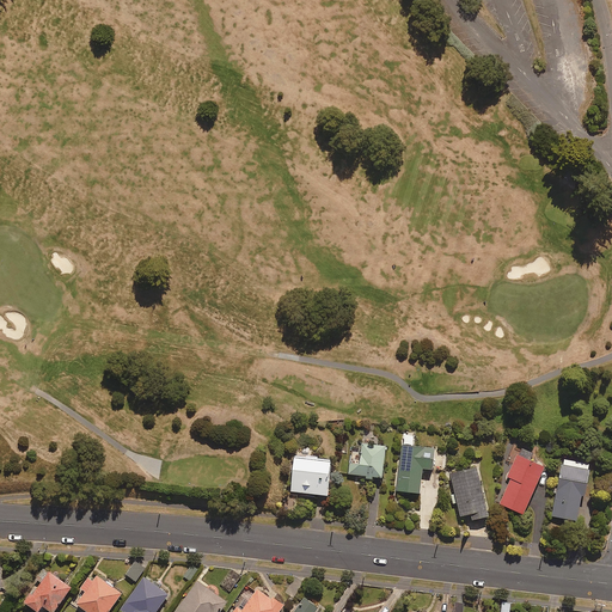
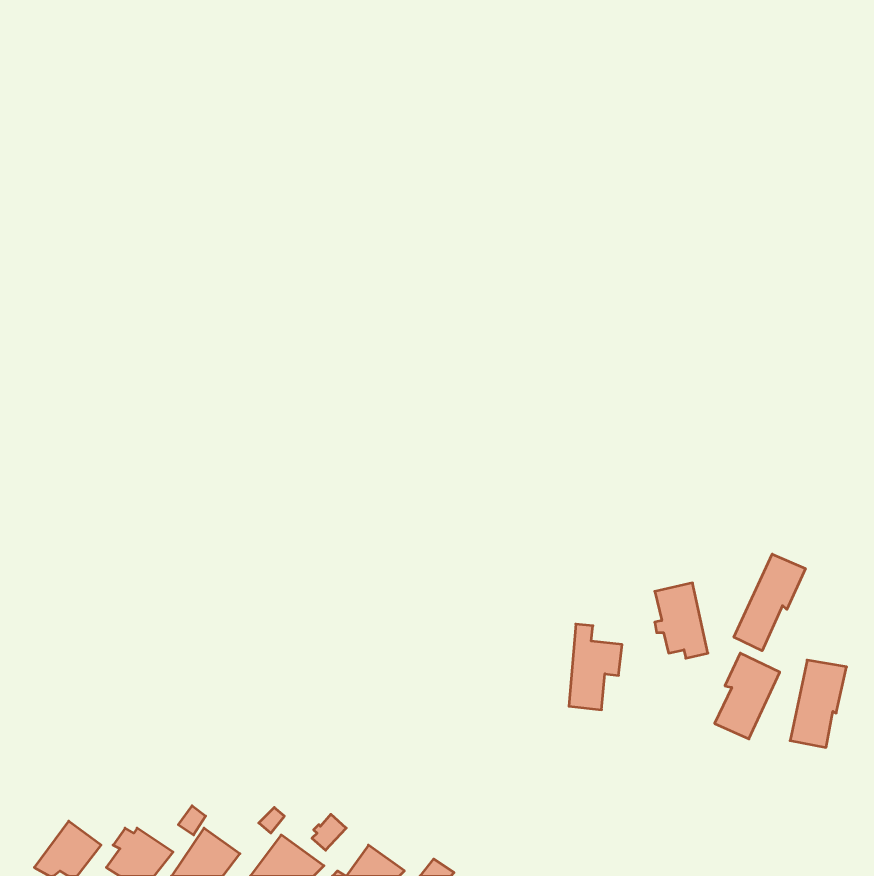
building: none -> [734,554,805,651]
building: [349,443,385,481] -> none
building: [290,458,330,496] -> none
building: [451,469,488,521] -> [655,583,708,658]

